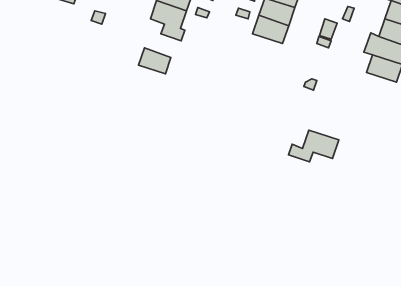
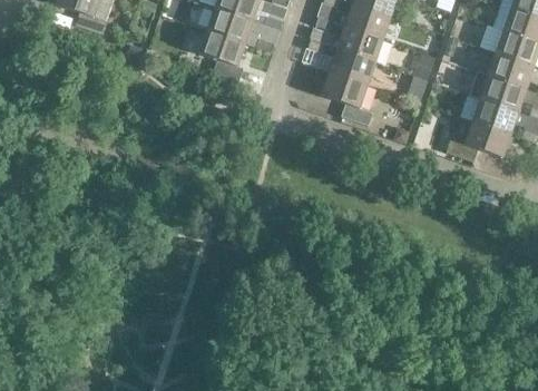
building: none -> [322,69,374,123]
building: [138,48,171,74] -> none
building: [288,130,339,162] -> [448,118,511,158]

